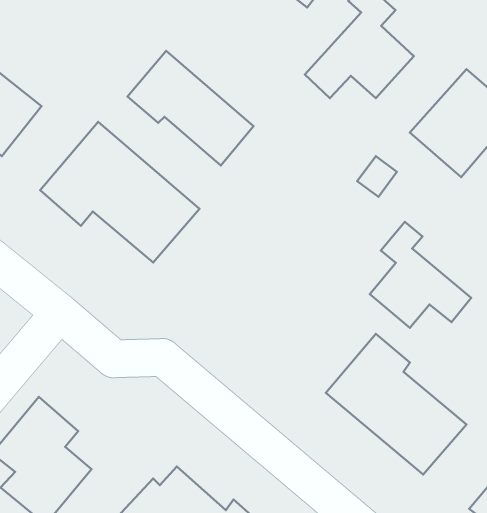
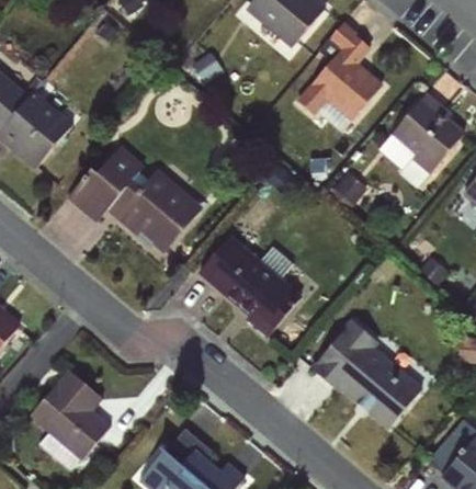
building: [127,51,254,166] -> none
building: [370,222,471,328] -> none
building: none -> [196,229,305,333]

